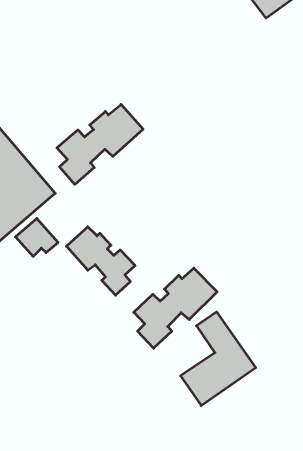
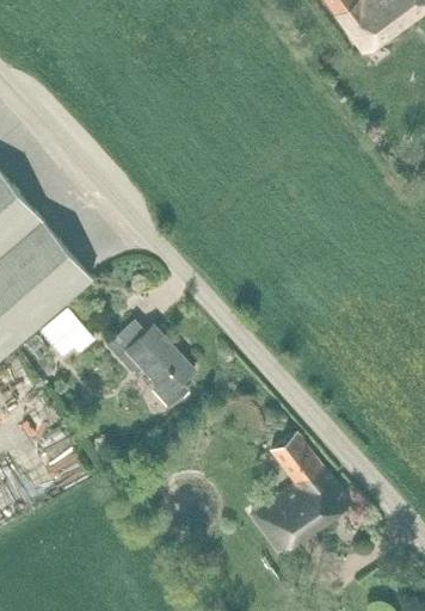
building: [57,104,143,184] -> none
building: [134,268,217,348] -> none

